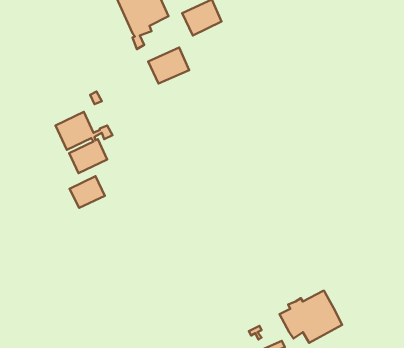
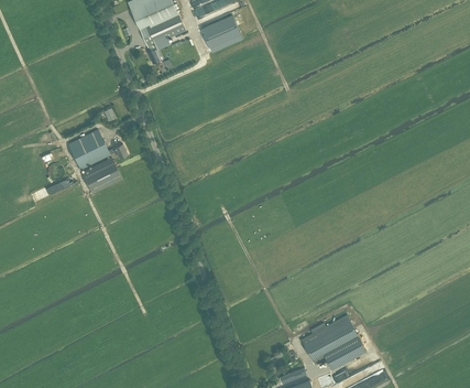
building: [148,48,189,83] -> none
building: [69,176,105,208] -> none

